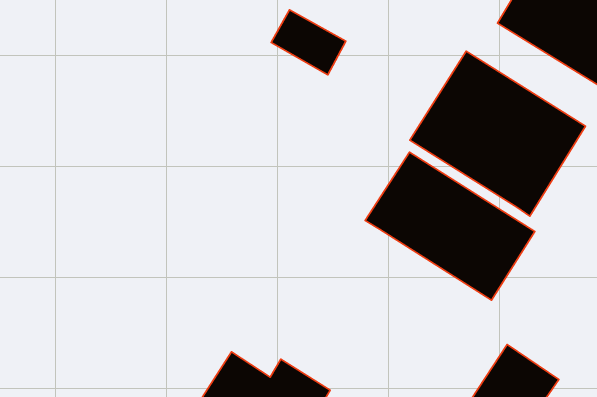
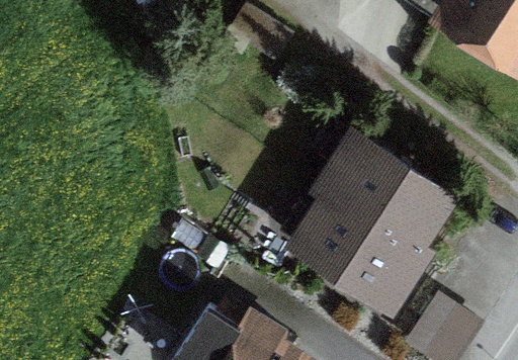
building: [410,51,585,216] -> none
building: none -> [292,196,430,318]

